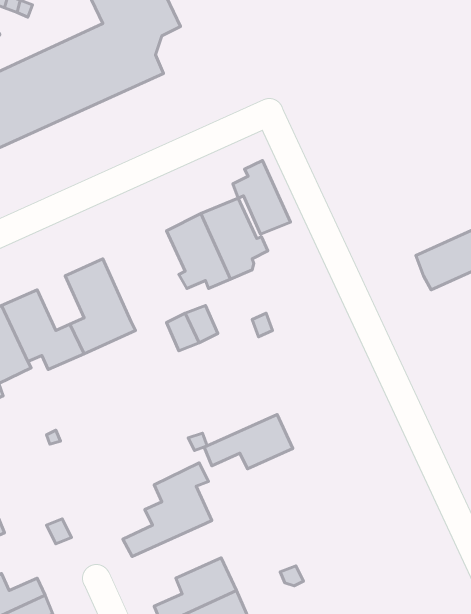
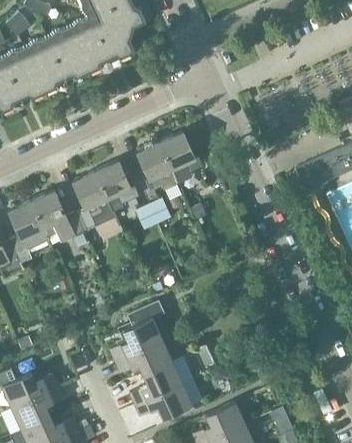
building: [233,161,290,234] -> none
building: none -> [95,159,137,209]
building: [204,414,293,469] -> [114,339,171,374]

